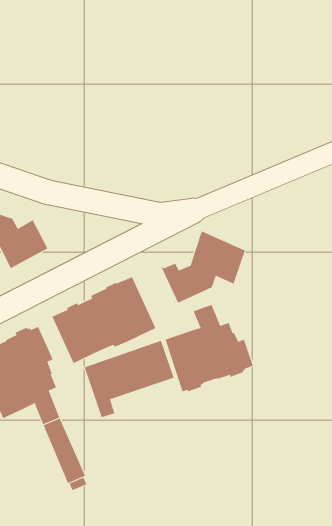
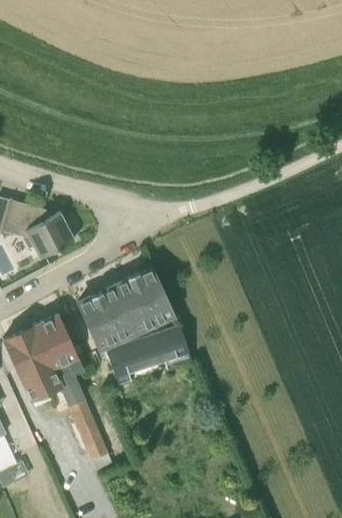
building: [161,231,245,304] -> none
building: [165,304,254,392] -> none

